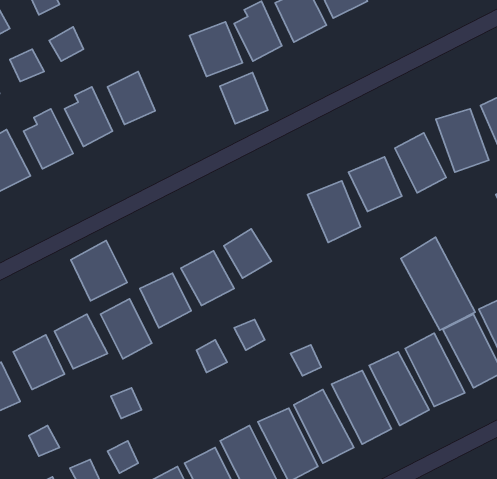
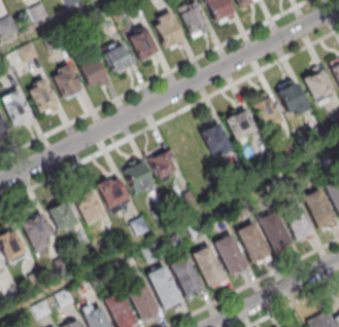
building: [220,73,268,124] -> [103,40,132,71]
building: [401,237,475,330] -> none
building: [71,241,127,301] -> none

